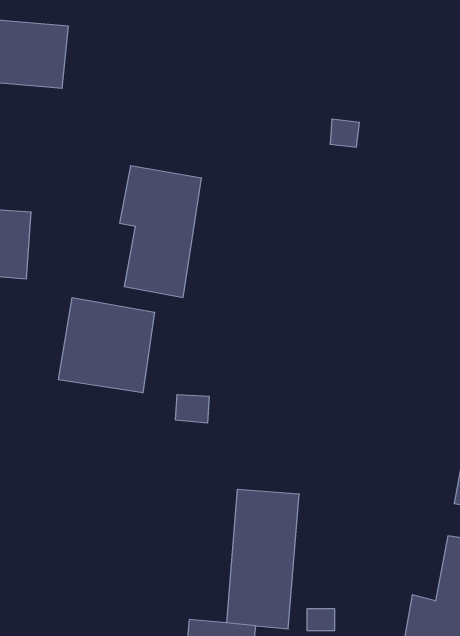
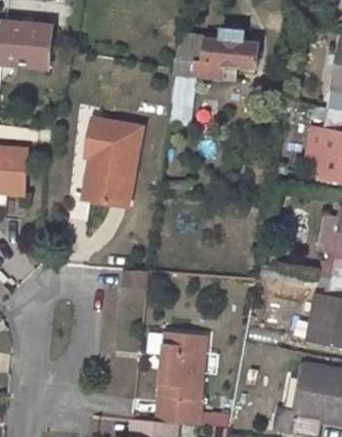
building: none -> [166,30,256,126]
building: [59,298,155,393] -> none

